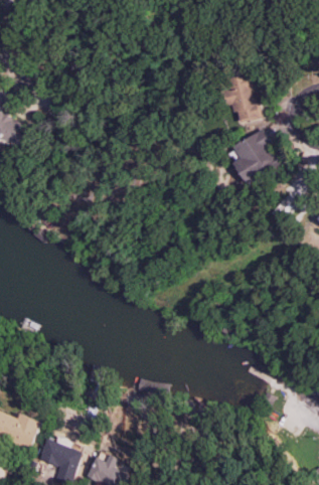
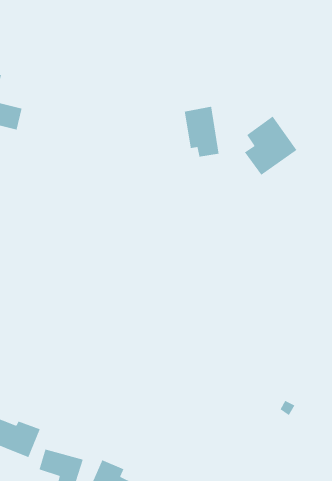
building: [223,73,257,122] -> [184,106,219,158]

